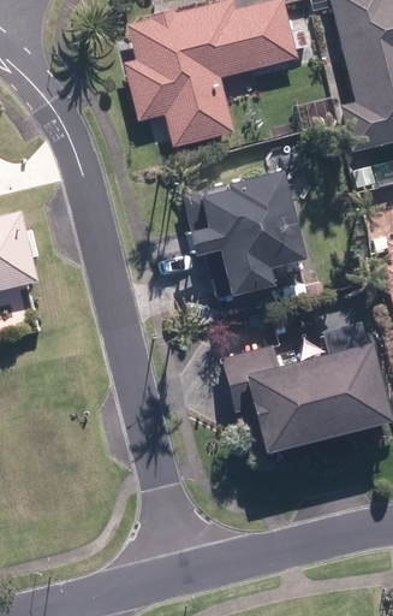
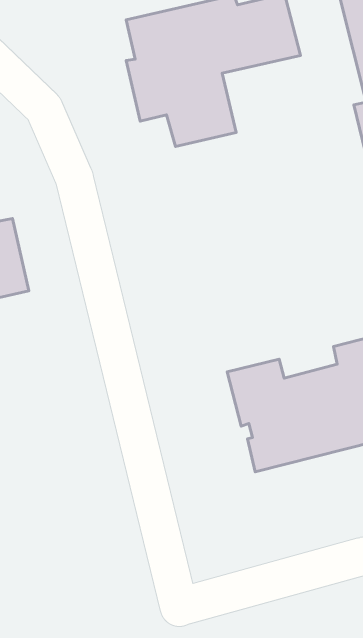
building: [195,167,309,298] -> none

